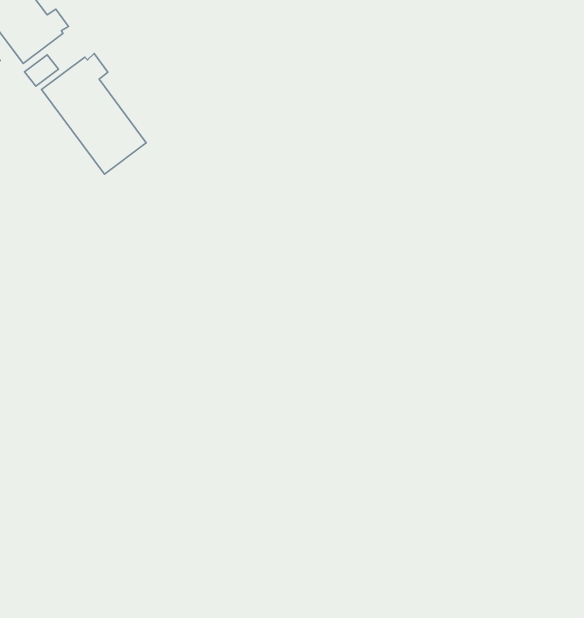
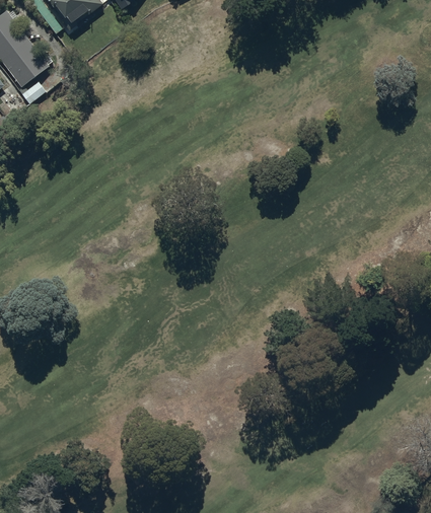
building: [41,54,146,174] -> none

